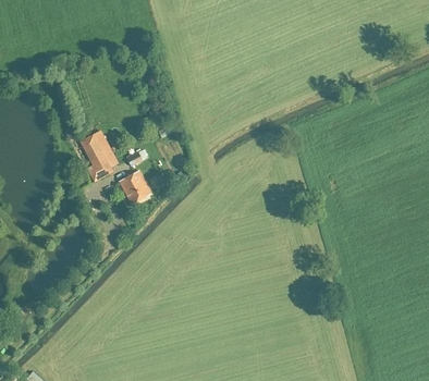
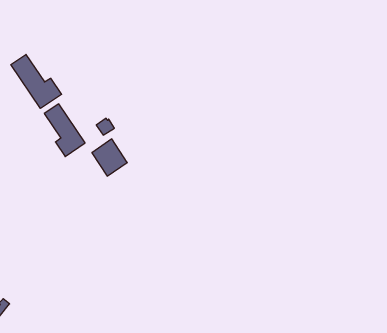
building: none -> [11,54,62,108]

